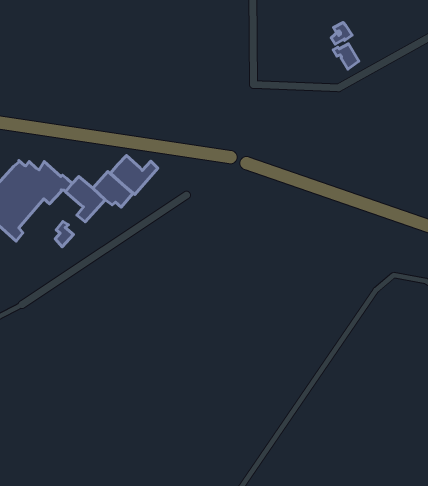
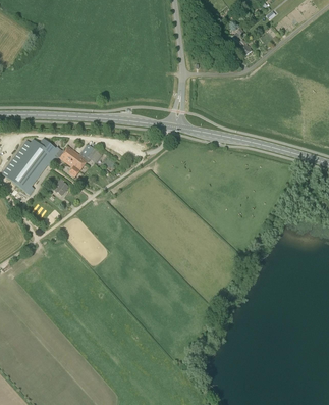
building: [111,155,158,195] -> none

